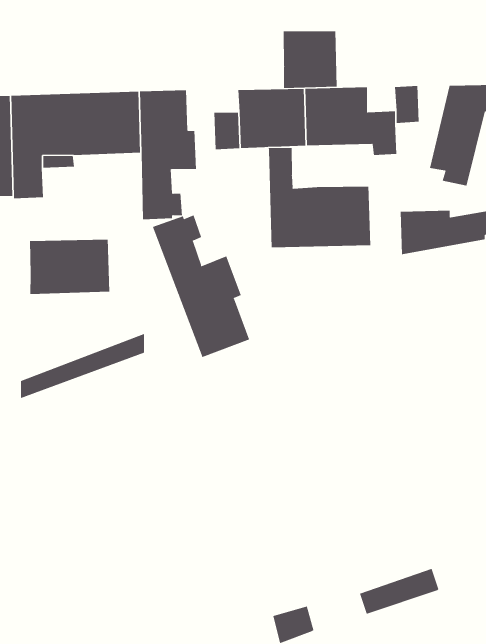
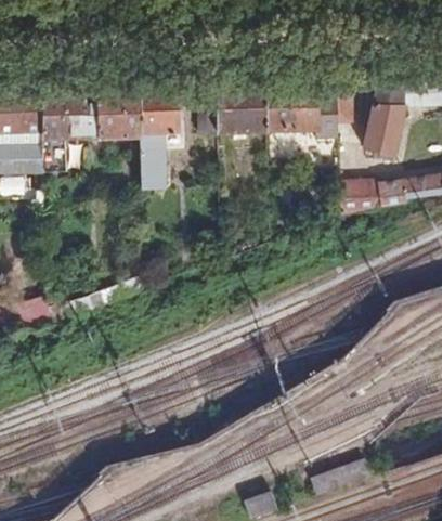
building: [283,31,337,89] -> none
building: [268,147,371,248] -> none
building: [152,214,250,358] -> none
building: [30,239,110,295] -> none

